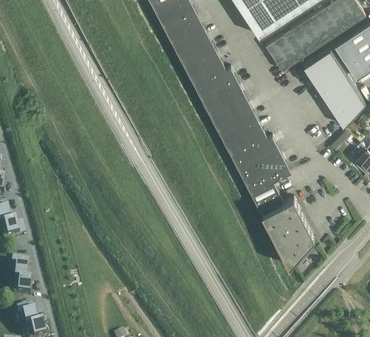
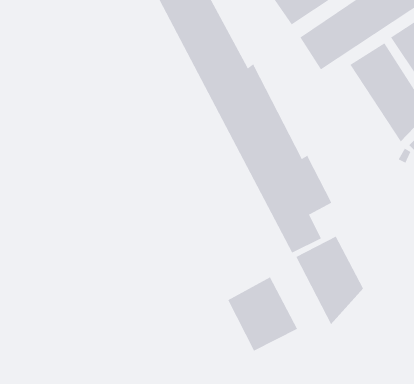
building: none -> [227,277,298,352]

